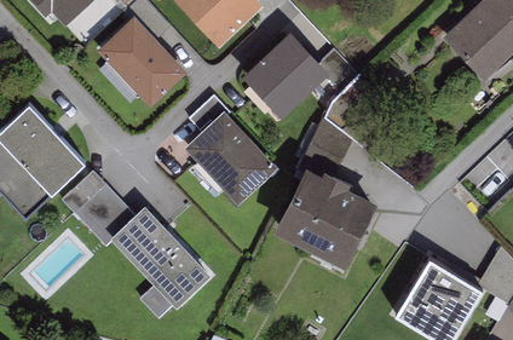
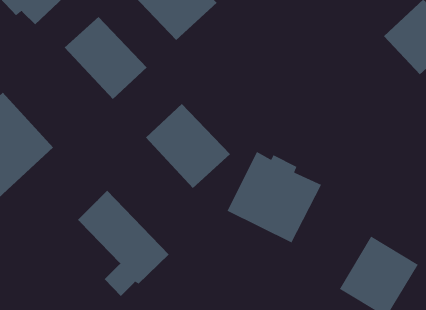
building: [241,30,357,117] -> none
building: [62,175,132,249] -> none

